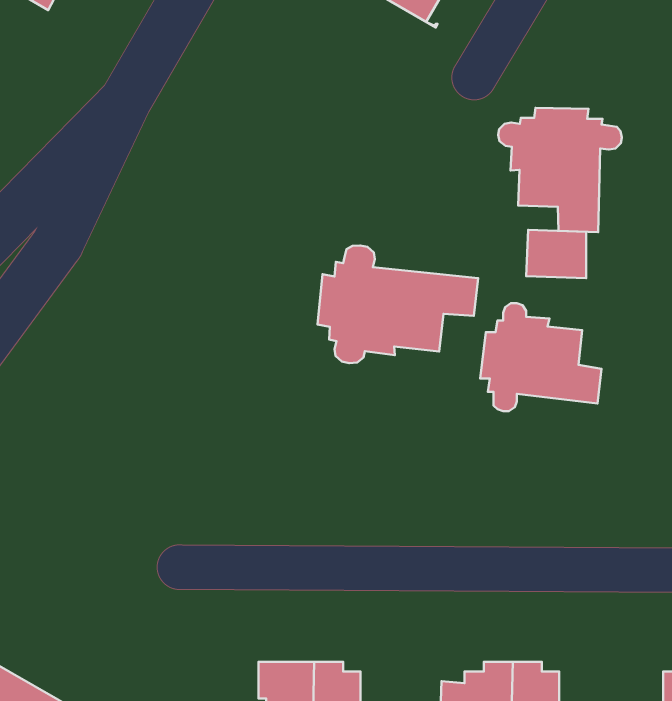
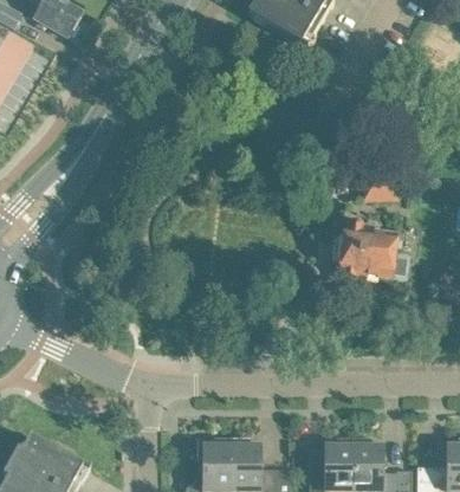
building: [498,108,622,232] -> none
building: [318,245,478,363] -> none

